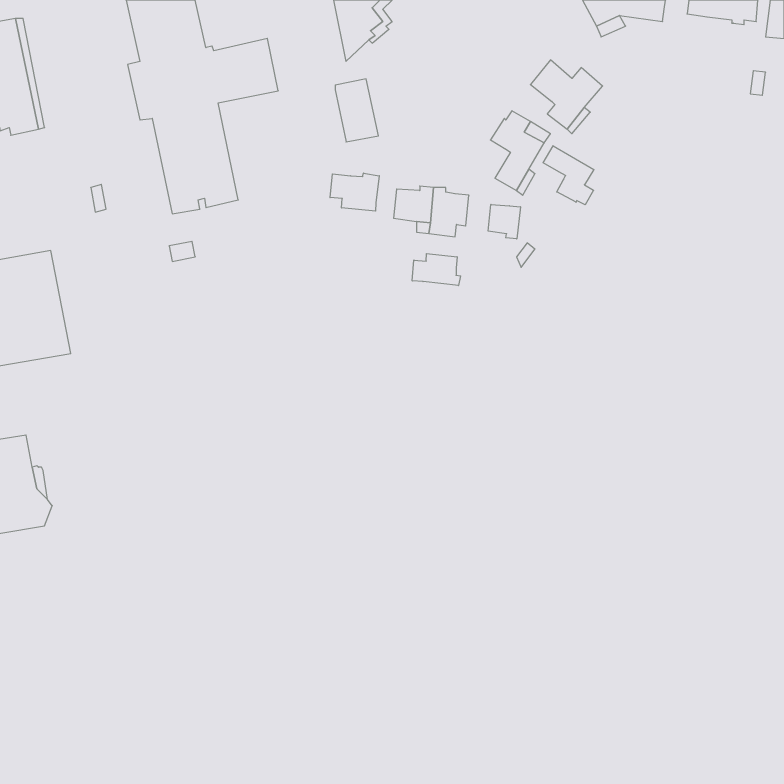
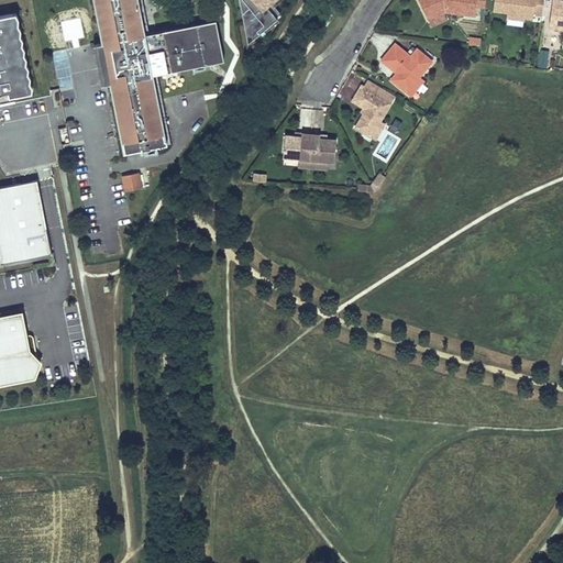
building: [335,79,378,142] -> [191,21,222,66]
building: [543,146,594,205] -> none
building: [330,173,379,211] -> none
building: [488,204,520,239] -> none
building: [412,254,461,286] -> none

